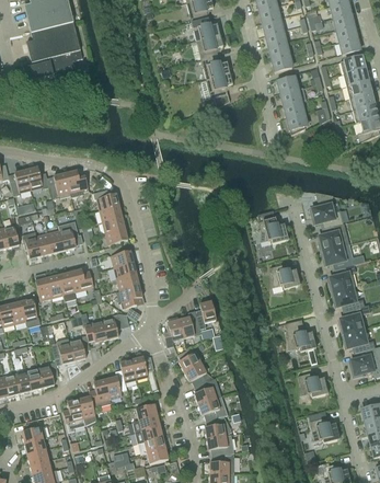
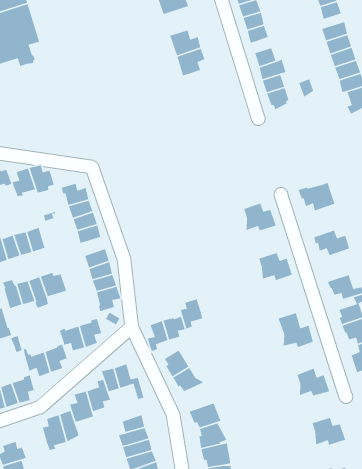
building: [196,33,222,58] -> none
building: [319,221,345,250] -> none
building: [329,263,355,291] -> none
building: [194,377,221,402] -> none

